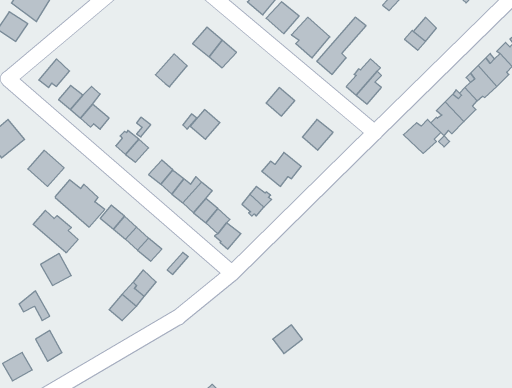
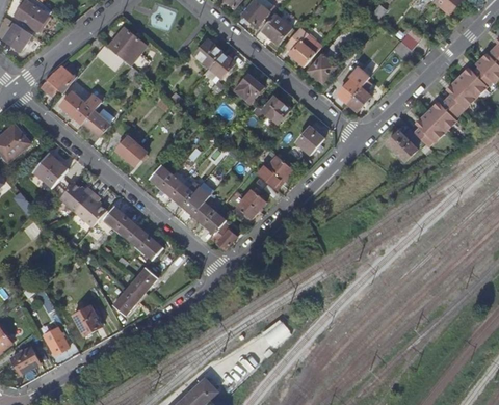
building: [155,54,187,87] -> [108,28,138,59]
building: [190,110,220,139] -> [233,73,261,101]
building: [33,210,78,253] -> none
building: [41,254,71,285] -> [71,303,100,333]

